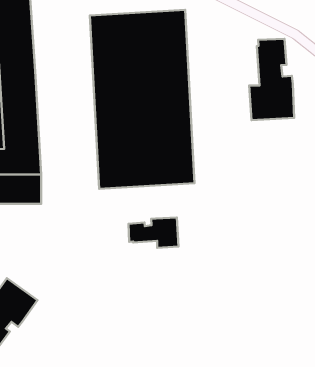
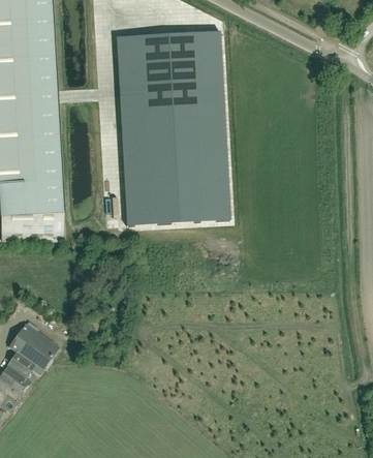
building: [249,39,294,120] -> none
building: [129,218,178,248] -> none

